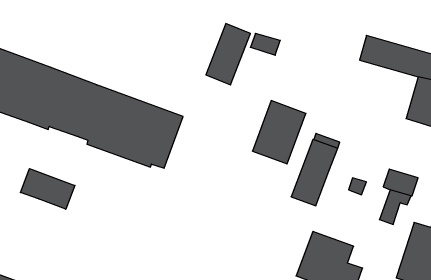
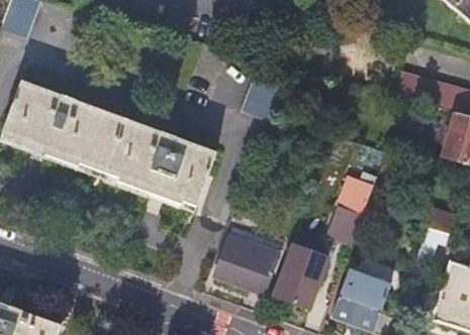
building: [252,101,306,164] -> [274,243,328,308]
building: [20,169,75,209] -> none
building: none -> [215,234,277,292]

